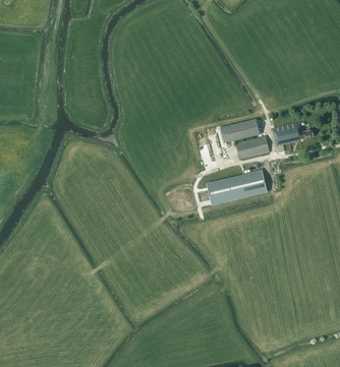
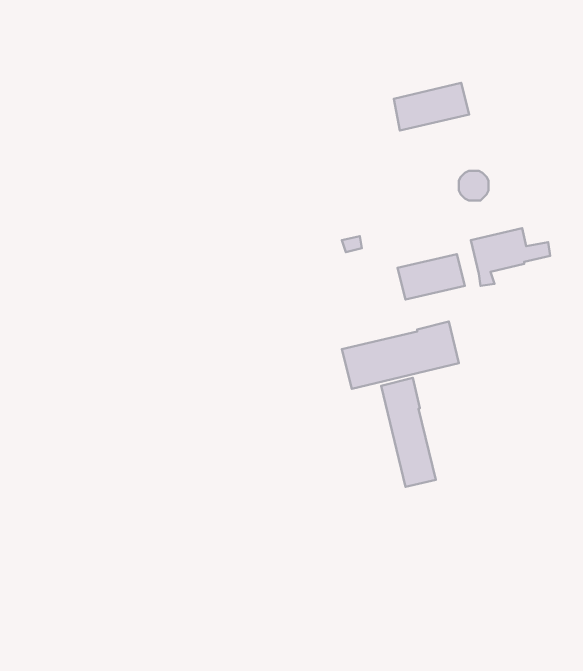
building: [221,118,260,142] -> [394,83,469,131]
building: none -> [381,378,436,487]

